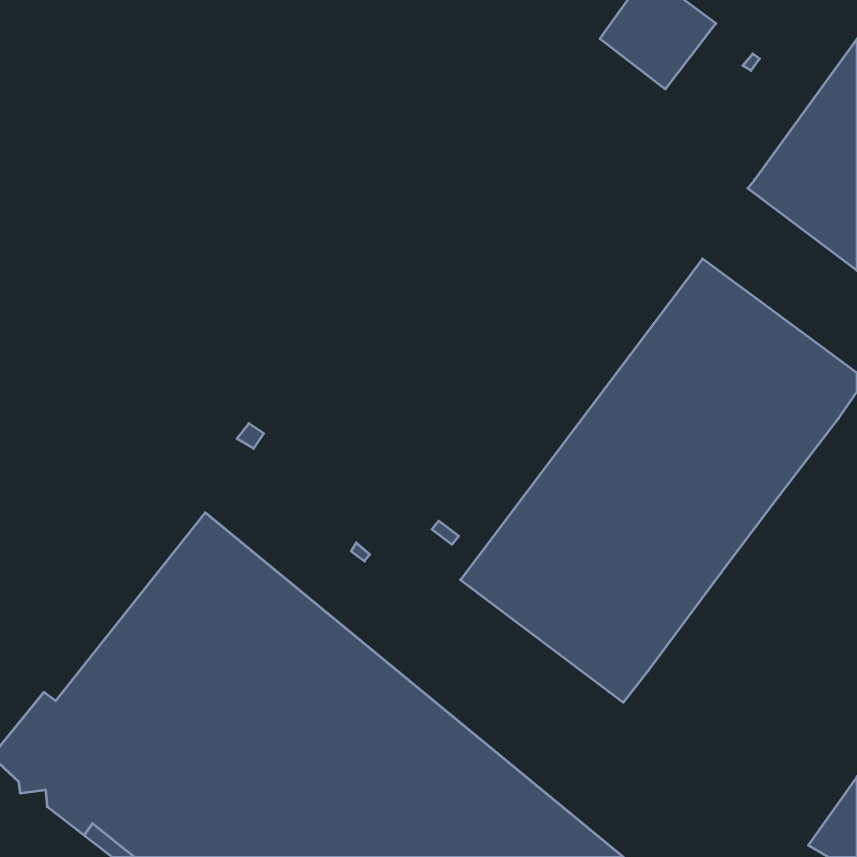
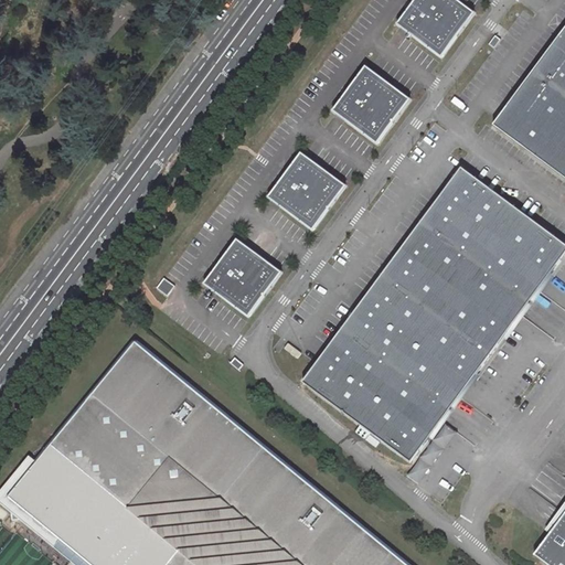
building: none -> [331,65,408,142]
building: none -> [268,152,344,230]
building: none -> [204,239,280,317]

